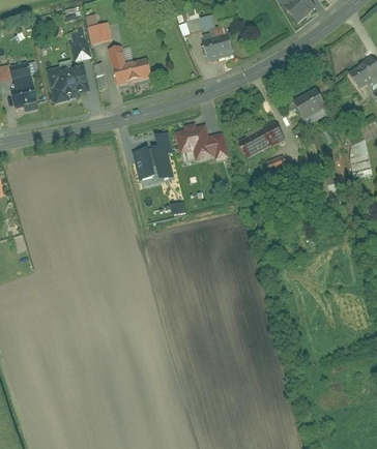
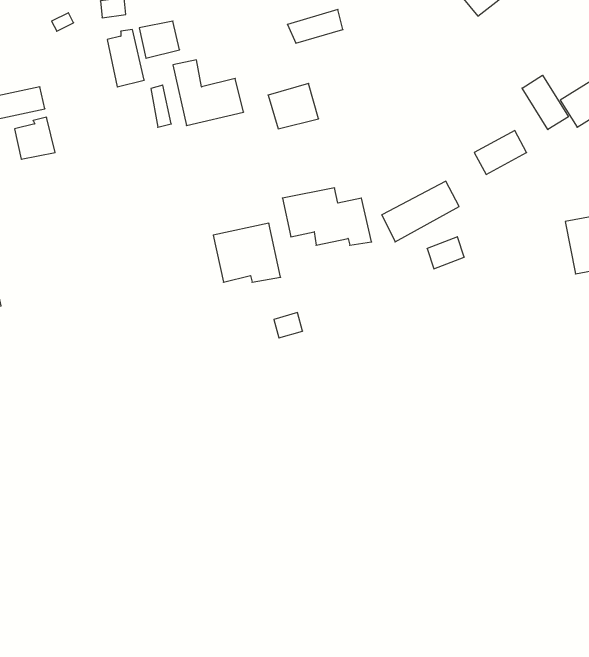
building: [202,32,233,60] -> [268,83,319,129]
building: none -> [522,75,568,130]
building: [51,66,88,97] -> none

